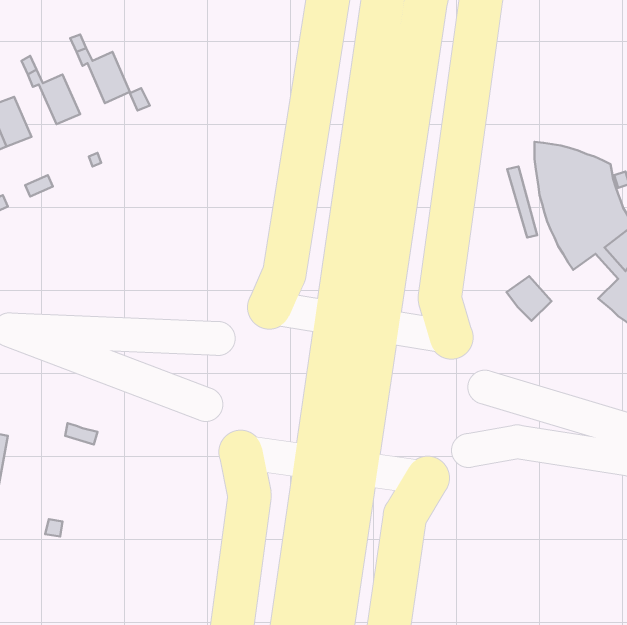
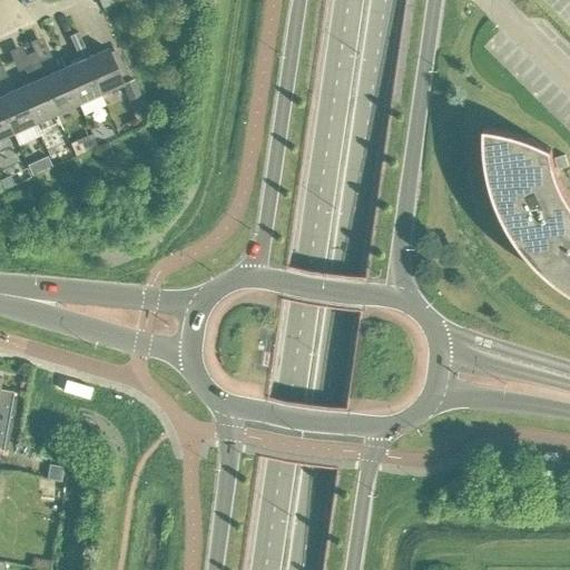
building: none -> [61,60,104,117]
building: none -> [18,79,56,126]
building: [507,276,551,321] -> [518,230,558,271]

